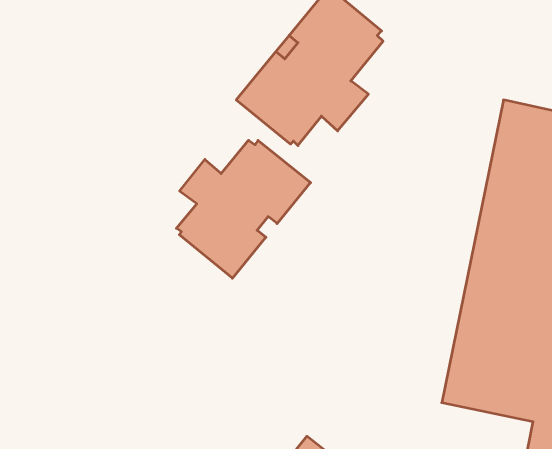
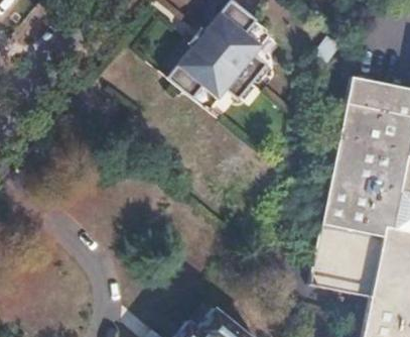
building: [176,140,311,278] -> none

